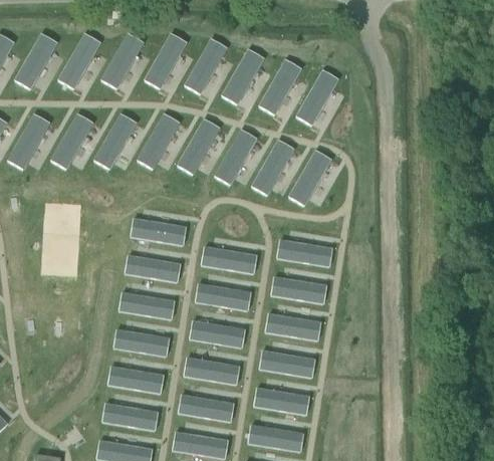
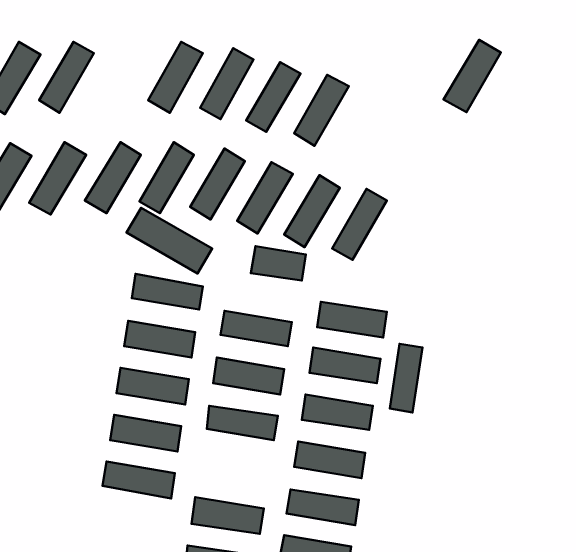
building: [100,33,144,88] -> none
building: [295,68,340,126] -> [444,40,501,112]
building: none -> [126,208,212,273]
building: none -> [251,246,306,281]
building: none -> [390,344,422,412]
building: [184,358,240,386] -> none
building: [102,403,159,431] -> none

